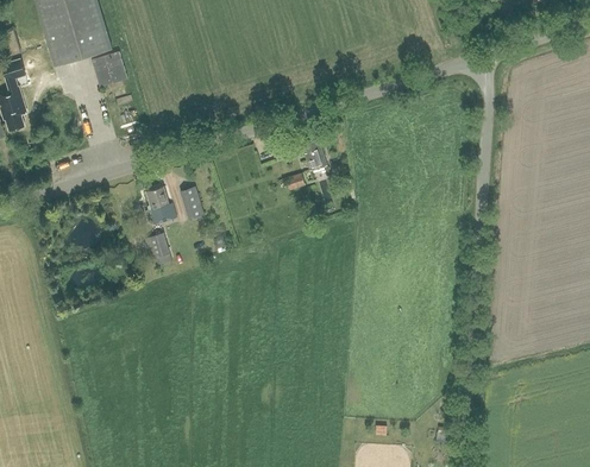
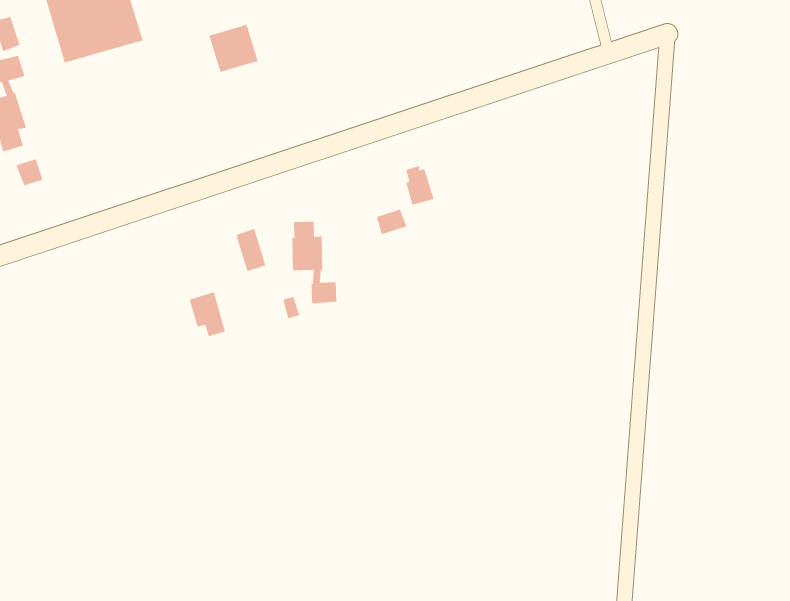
building: [90,51,127,87] -> [208,24,259,73]
building: none -> [292,221,337,304]
building: [145,185,176,223] -> none

